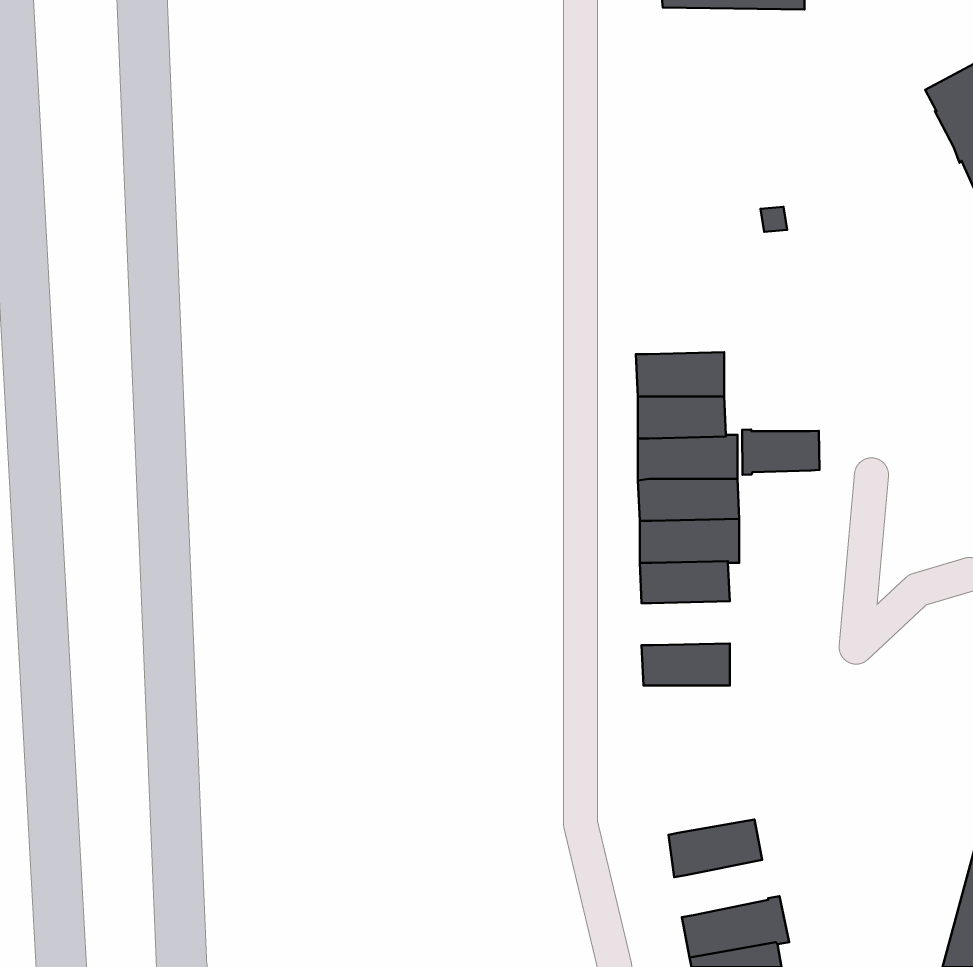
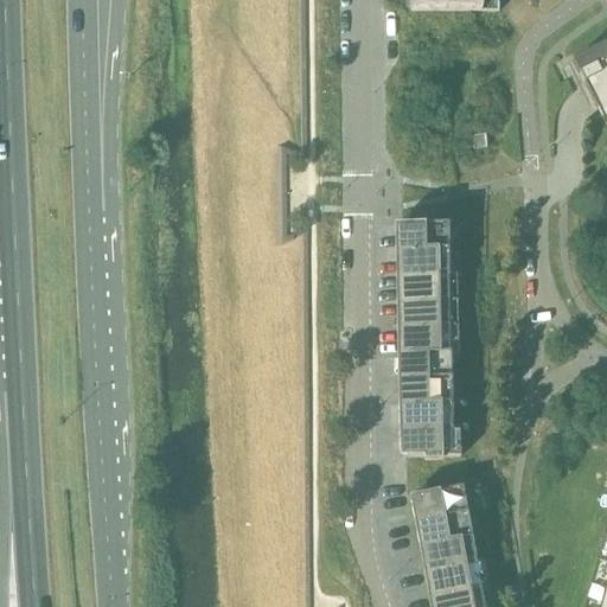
building: [742,429,820,475] -> none
building: none -> [401,372,455,400]
building: none -> [402,422,464,455]
building: none -> [411,481,471,517]
building: none -> [421,532,479,568]

